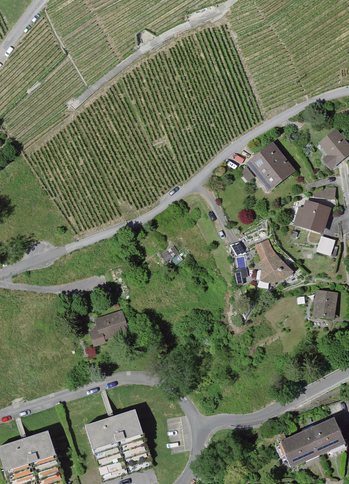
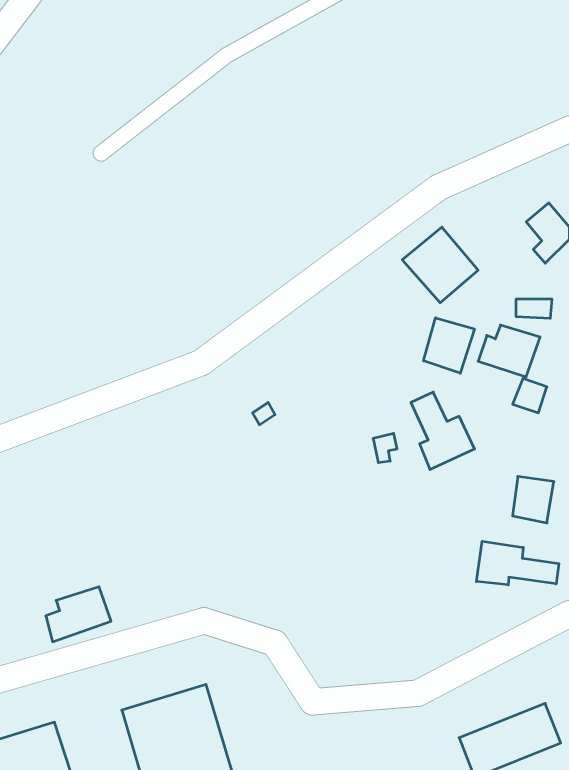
building: none -> [424,318,474,373]
building: [89,310,127,342] -> [46,587,111,642]
building: none -> [476,541,559,585]

